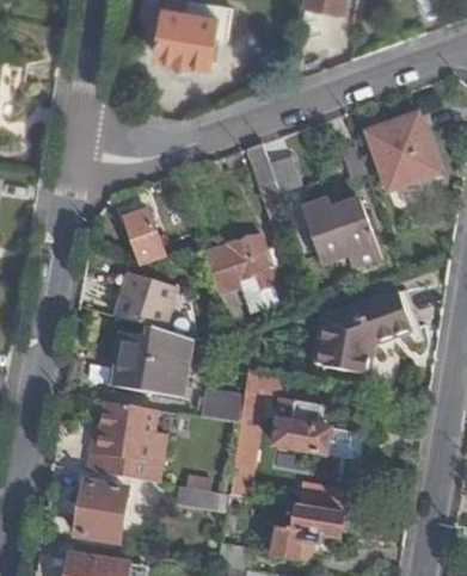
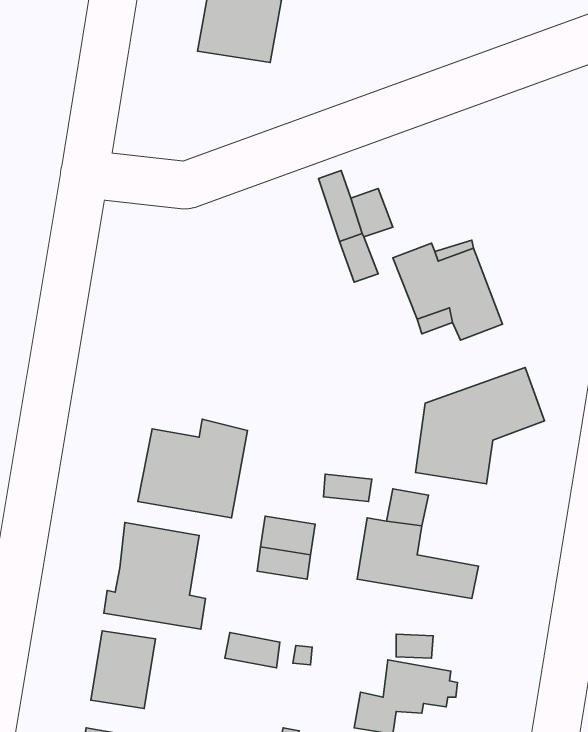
building: [364,112,437,190] -> none
building: [122,209,161,264] -> none
building: [201,233,272,317] -> none
building: [116,274,164,326] -> none

